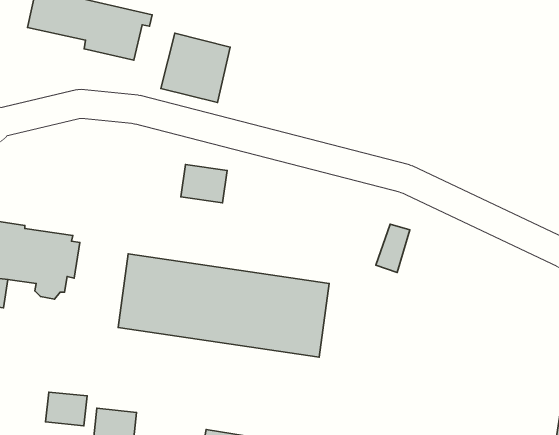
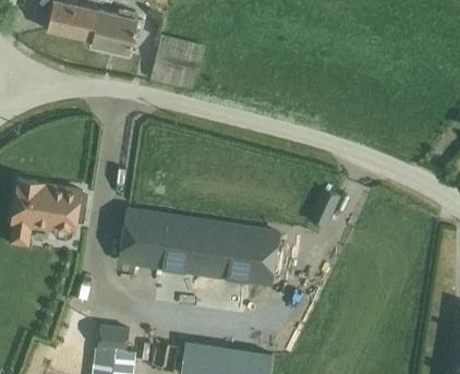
building: [181,164,227,203] -> none
building: [46,392,87,426] -> none

